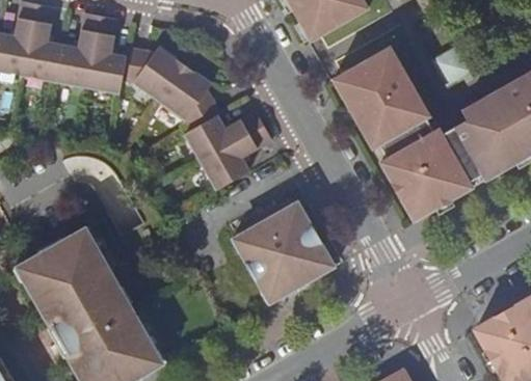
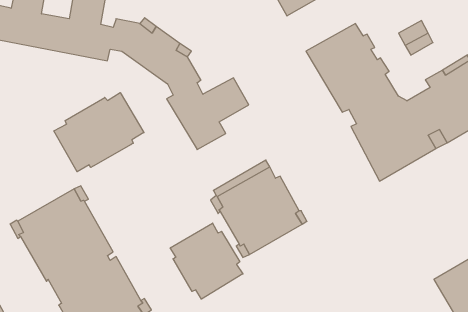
building: none -> [54,93,144,172]
building: none -> [170,223,243,299]

